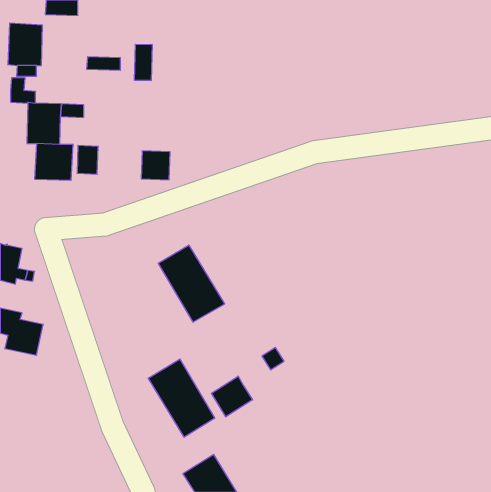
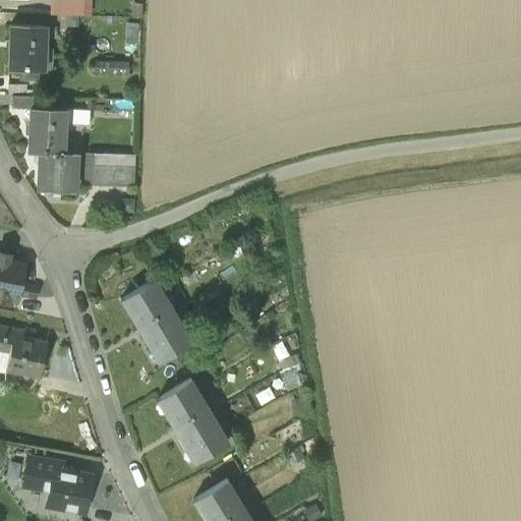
building: [135,44,152,81] -> none
building: [141,151,170,180] -> [104,155,134,185]
building: [158,245,225,322] -> [122,280,192,361]
building: [212,376,253,417] -> none
building: none -> [25,458,91,510]

